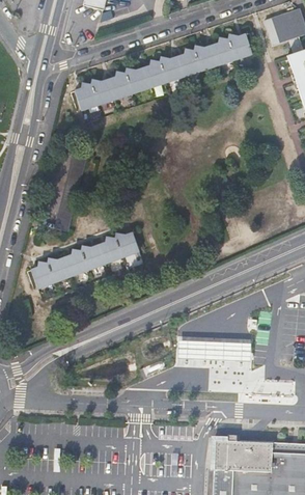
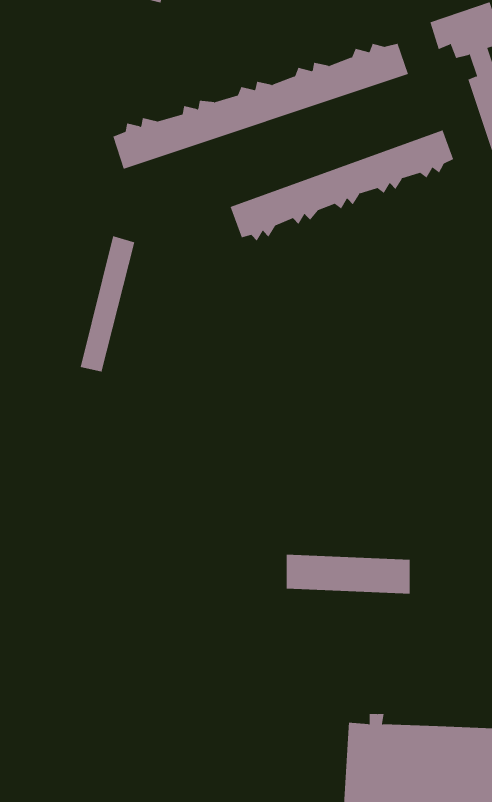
building: none -> [230,129,454,242]
building: [32,232,140,288] -> none

